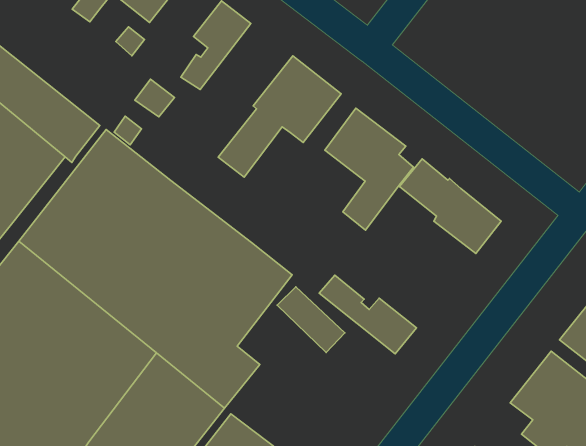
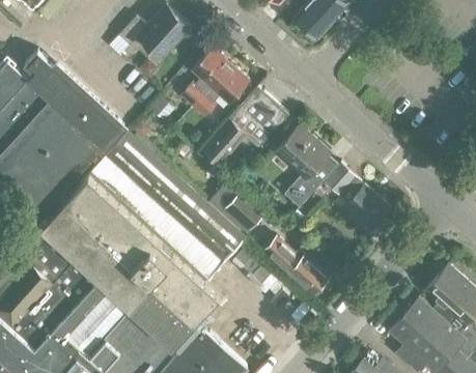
building: none -> [193,63,249,115]
building: none -> [221,192,265,235]

